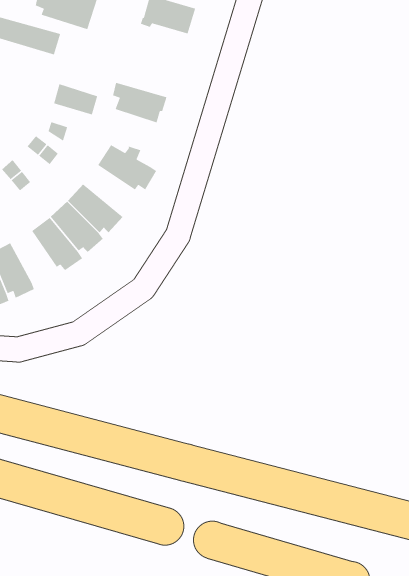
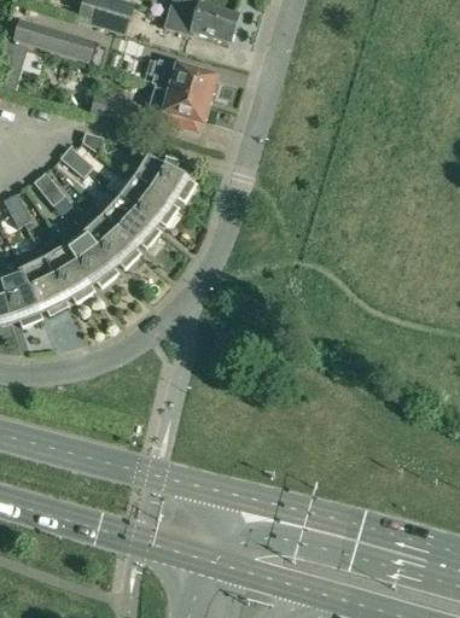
building: none -> [152,58,216,104]
building: none -> [118,175,177,225]
building: none -> [42,244,94,301]

